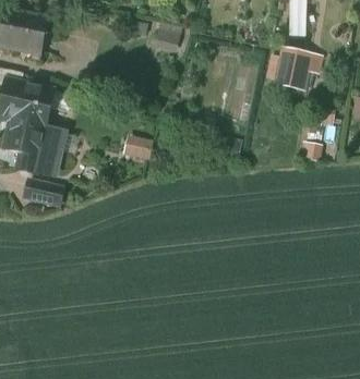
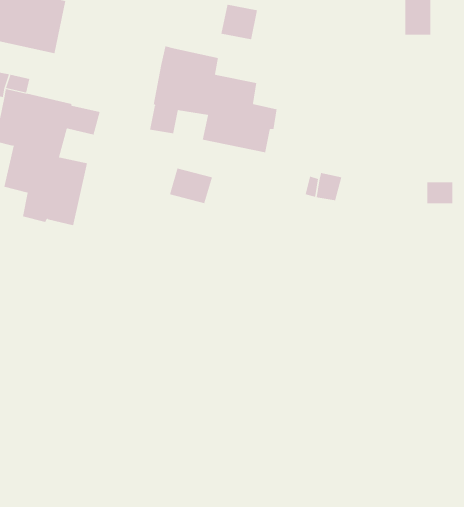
building: [276,48,322,88] -> none
building: none -> [149,45,277,153]
building: [25,179,63,204] -> none

